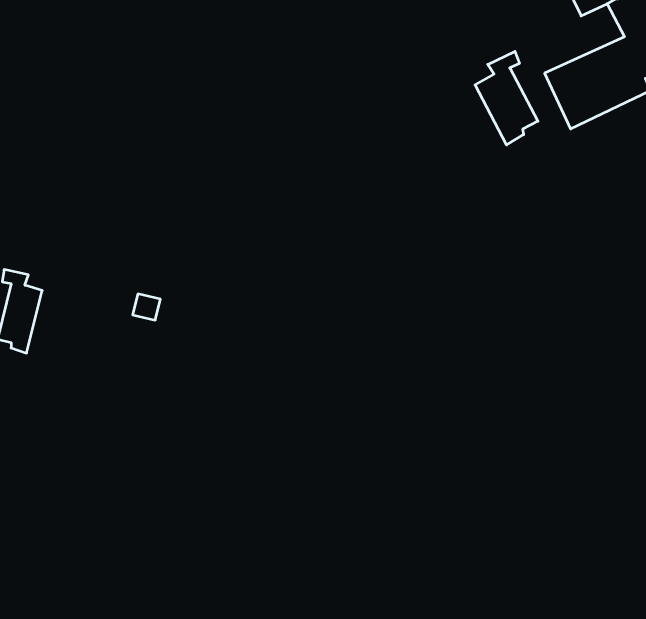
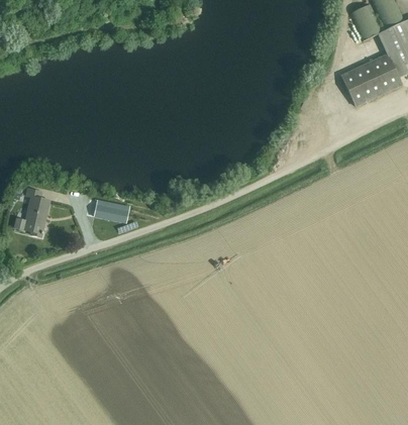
building: [475,51,538,145] -> none

